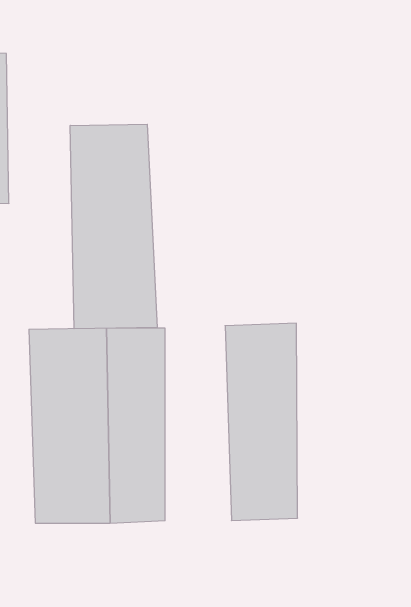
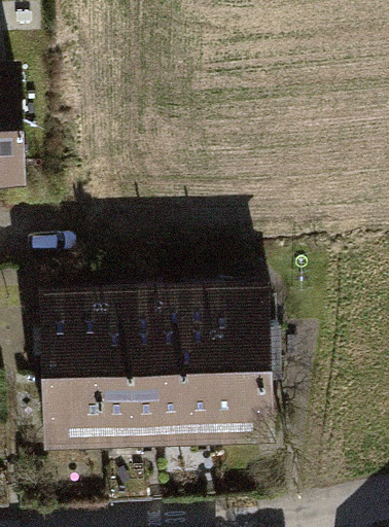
building: [70,124,157,329] -> none
building: none -> [151,282,206,443]

